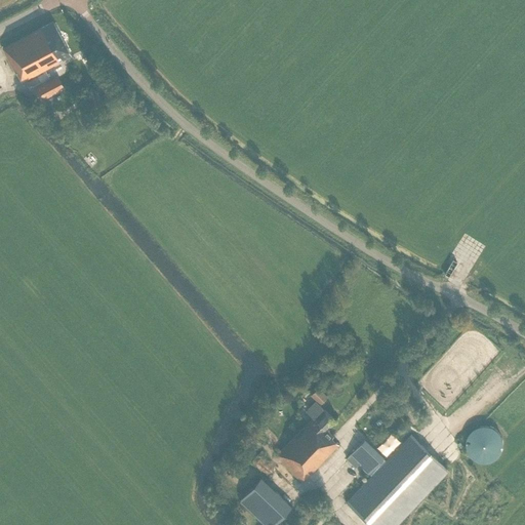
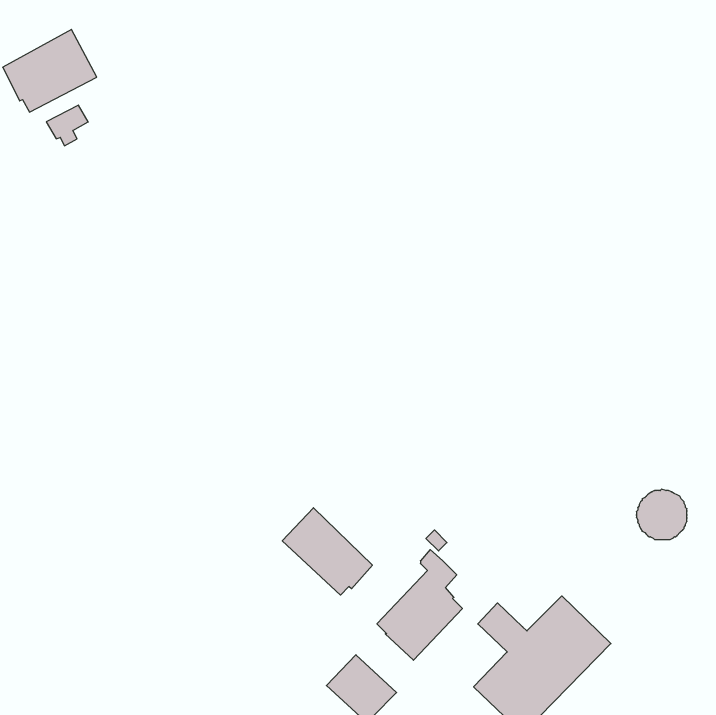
building: none -> [282,508,372,595]
building: [466,426,502,462] -> [636,489,687,540]

